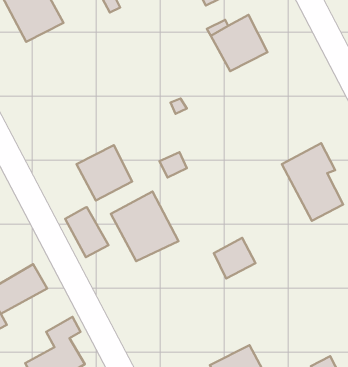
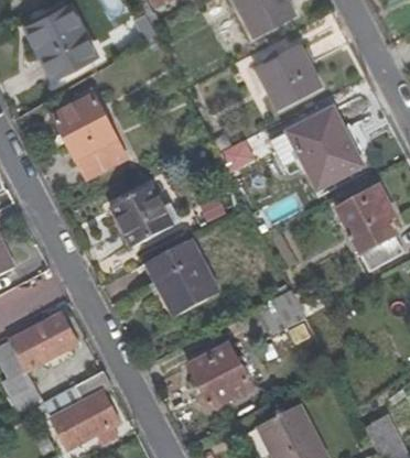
building: none -> [54,95,127,178]
building: none -> [288,108,362,187]
building: [65,207,108,257] -> none
building: none -> [191,345,252,407]

